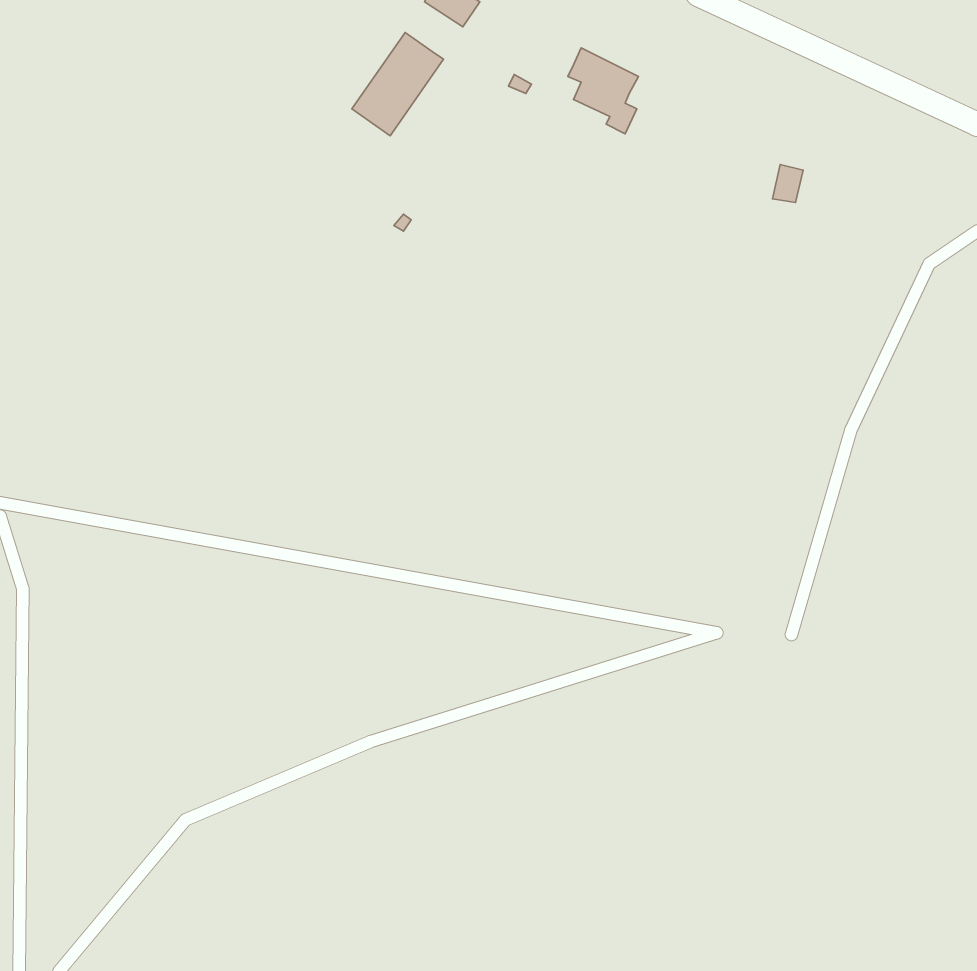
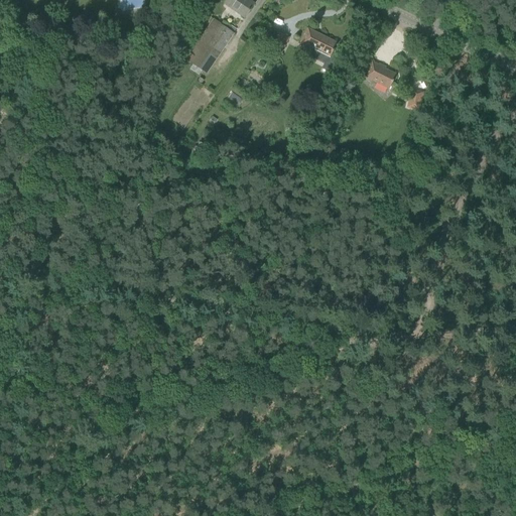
building: none -> [363,57,395,87]

